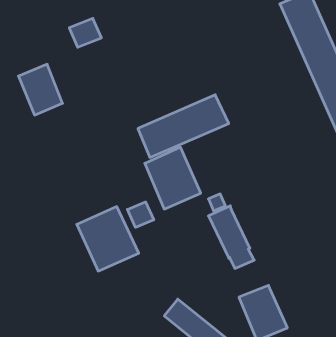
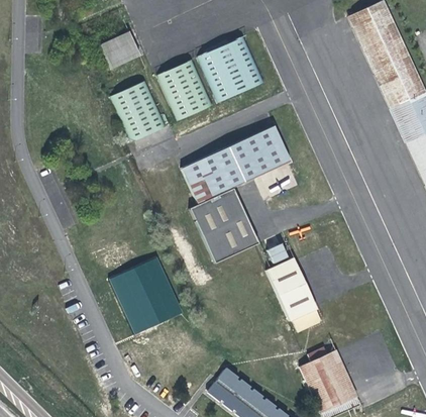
building: none -> [195,41,258,106]
building: none -> [154,62,207,123]
building: [18,64,63,115] -> [107,82,159,142]
building: [127,202,154,227] -> none

